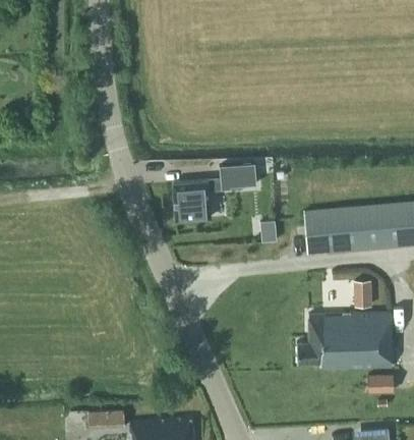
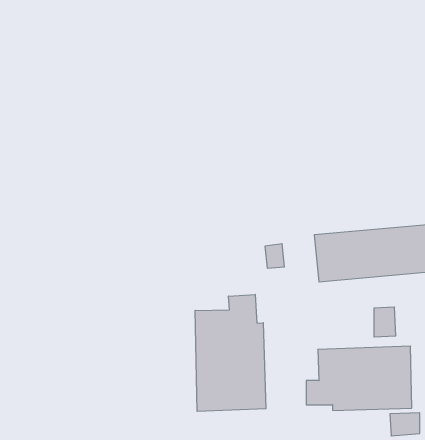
building: [172,164,256,222] -> none
building: none -> [195,294,266,411]

